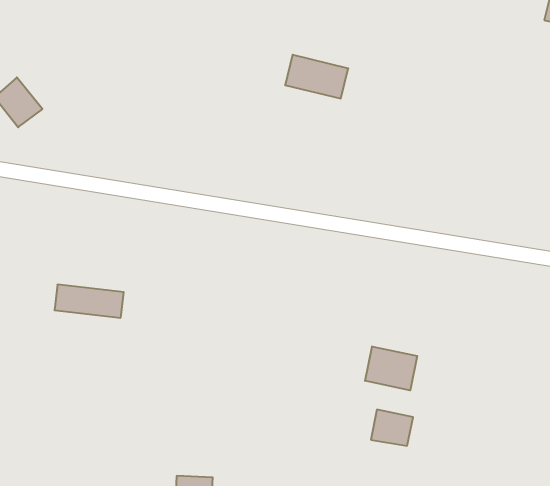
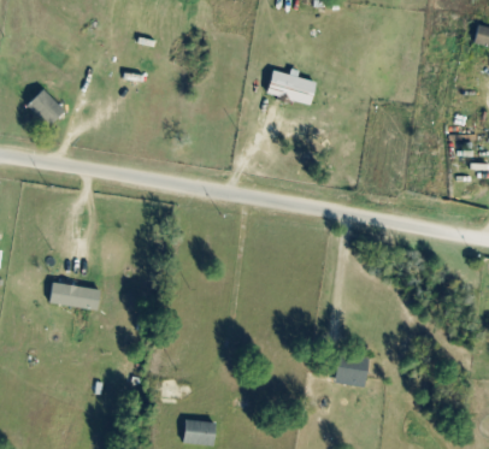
building: [54,285,124,318] -> [48,283,104,309]
building: [365,346,417,390] -> none

